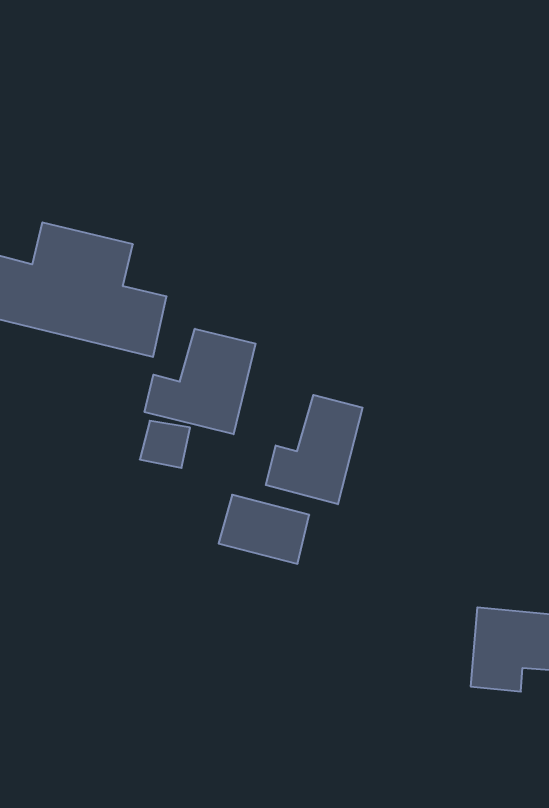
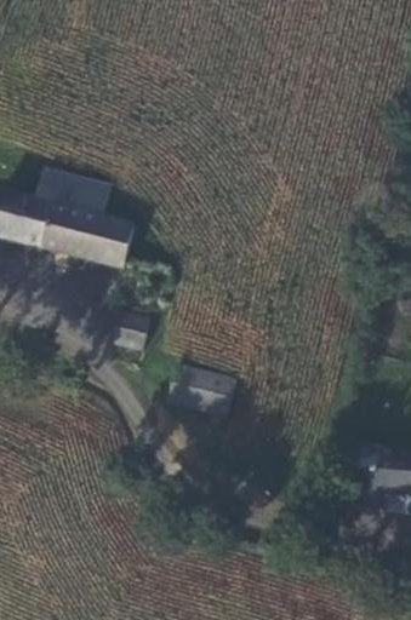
building: [145,329,256,434] -> none
building: [266,395,363,504] -> none

